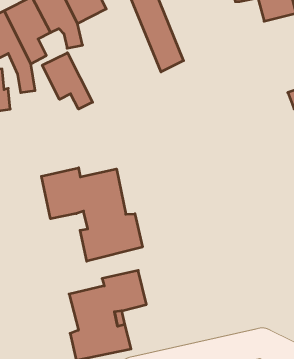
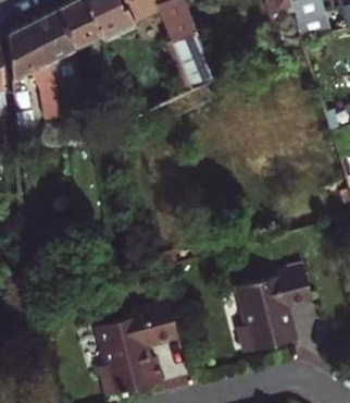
building: [42,53,93,109] -> none
building: [41,168,142,261] -> none
building: none -> [232,260,309,345]

